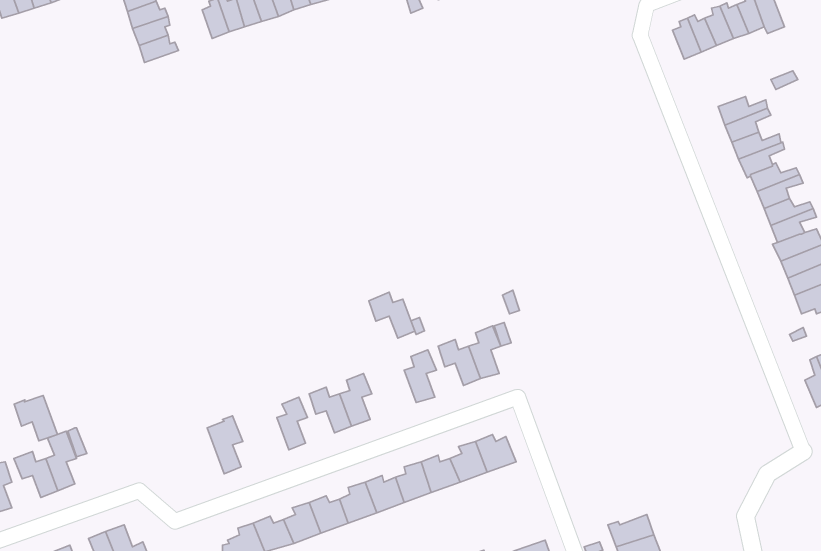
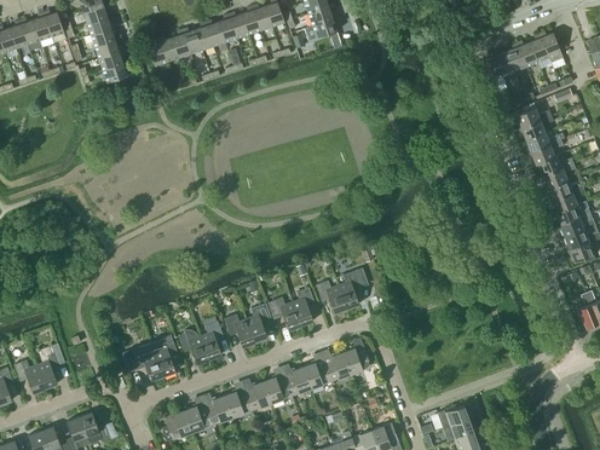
building: [369,292,415,338] -> [267,296,300,329]
building: [14,396,58,441] -> none
building: none -> [178,328,209,363]
building: none -> [129,342,163,380]

